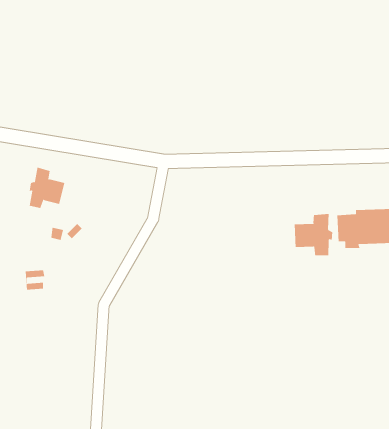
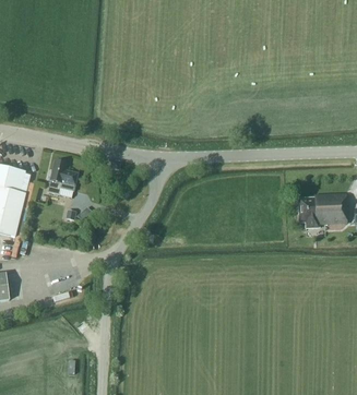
building: [294,213,333,256] -> none

